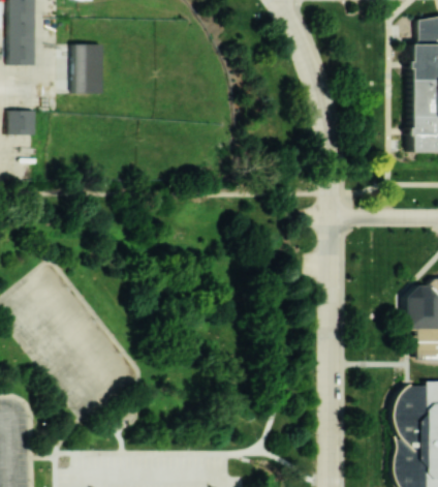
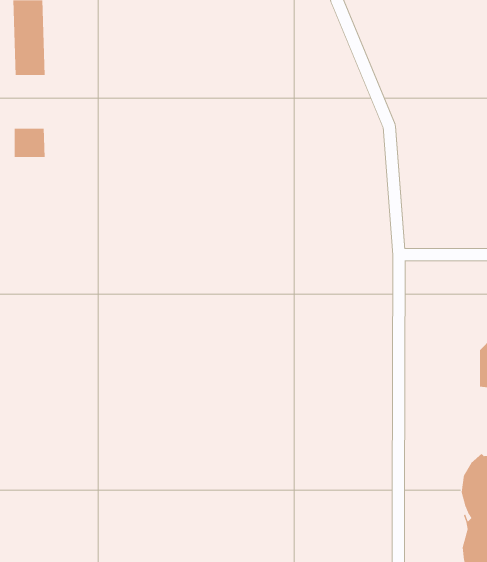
building: [76,43,107,94] -> none

